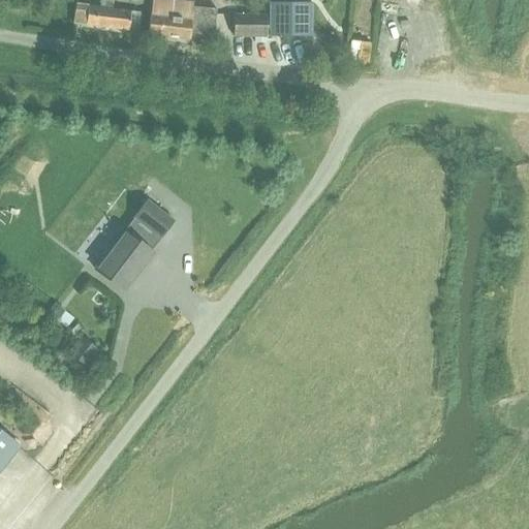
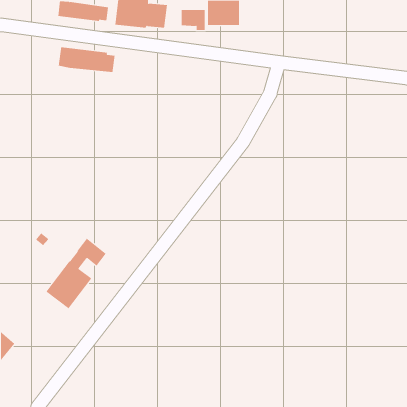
building: none -> [58,47,115,73]
building: [93,201,172,293] -> [46,238,106,309]

